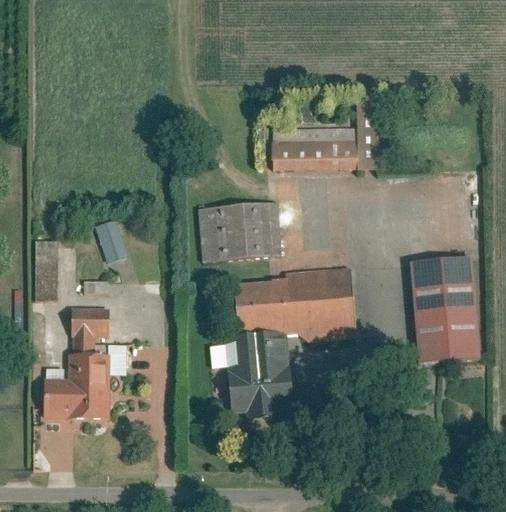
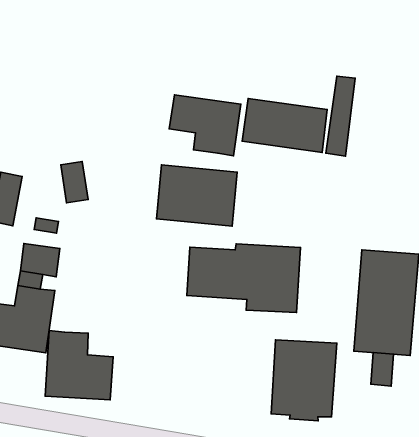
building: none -> [169,95,241,156]
building: [225,333,294,417] -> [271,340,337,421]
building: none -> [371,353,394,386]
building: none -> [45,331,113,400]

